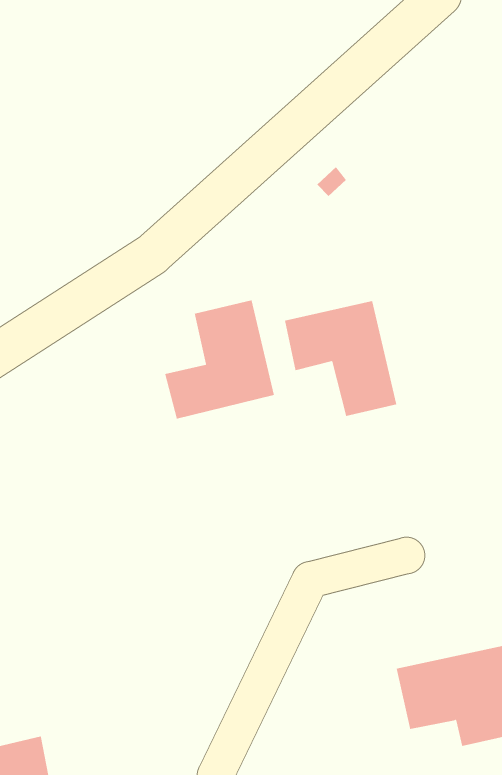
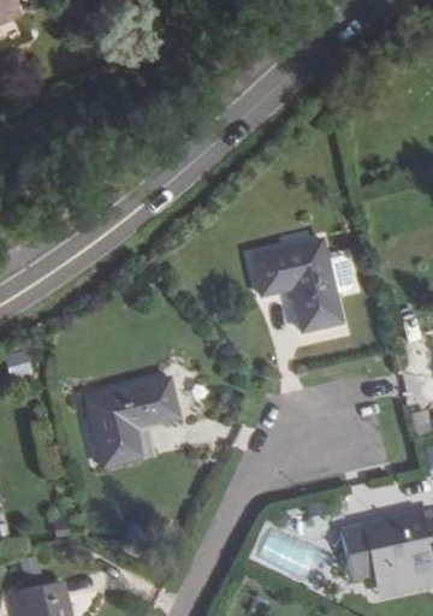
building: [165,300,275,419] -> none
building: none -> [88,377,179,466]

